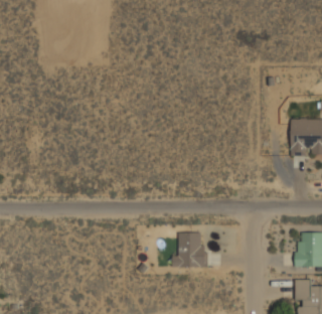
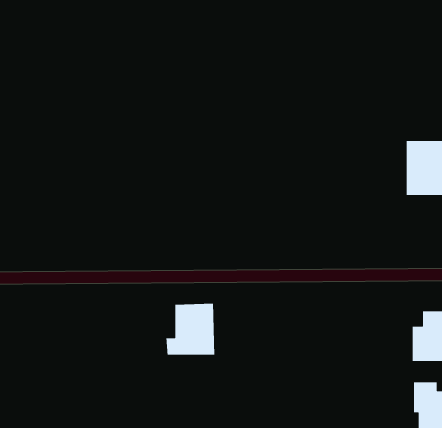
building: [172,232,205,268] -> [165,303,215,356]

